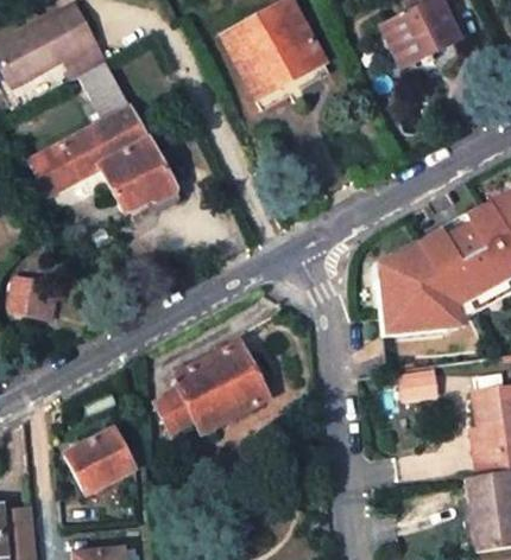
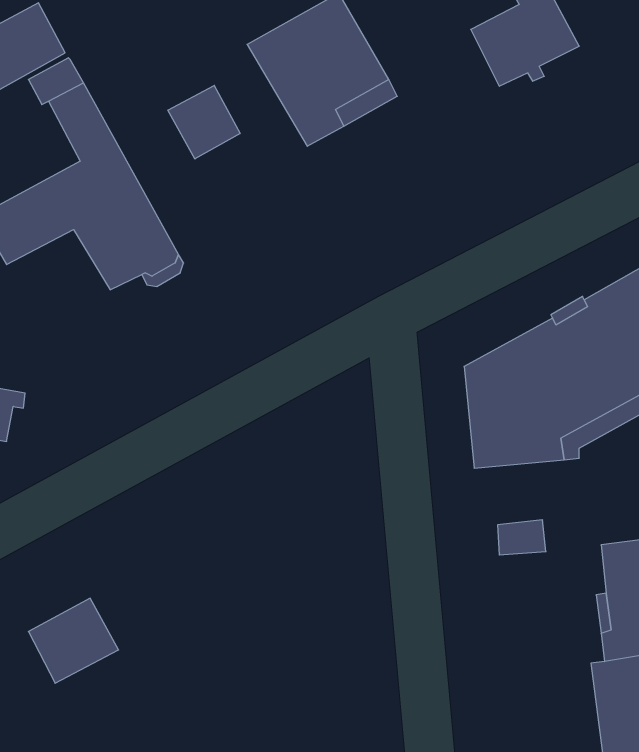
building: none -> [168,85,240,159]
building: [156,341,267,432] -> none

